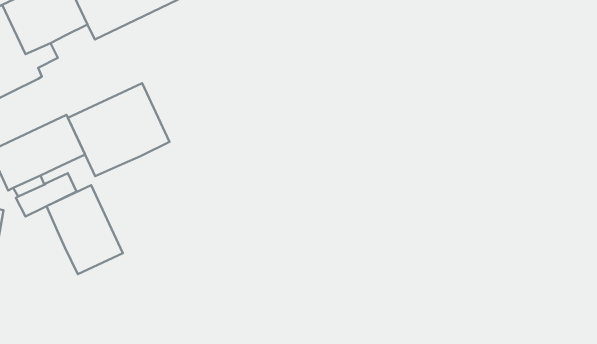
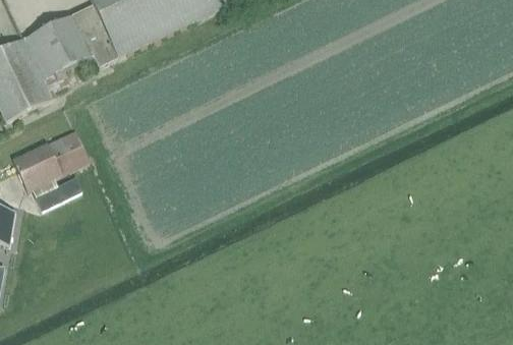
building: [68,83,169,176] -> none
building: [46,185,123,274] -> none

